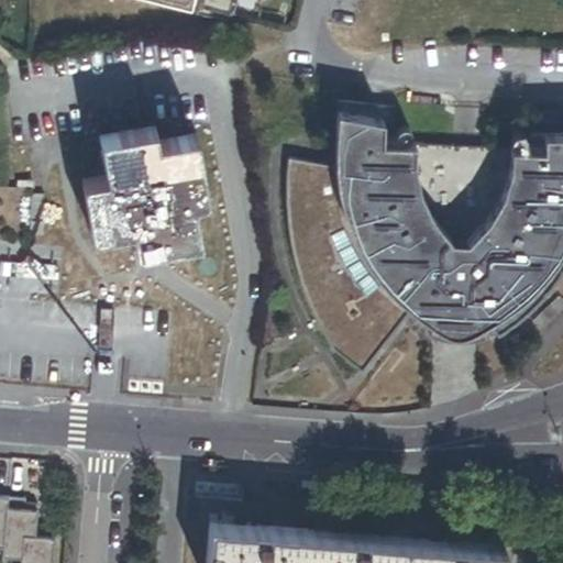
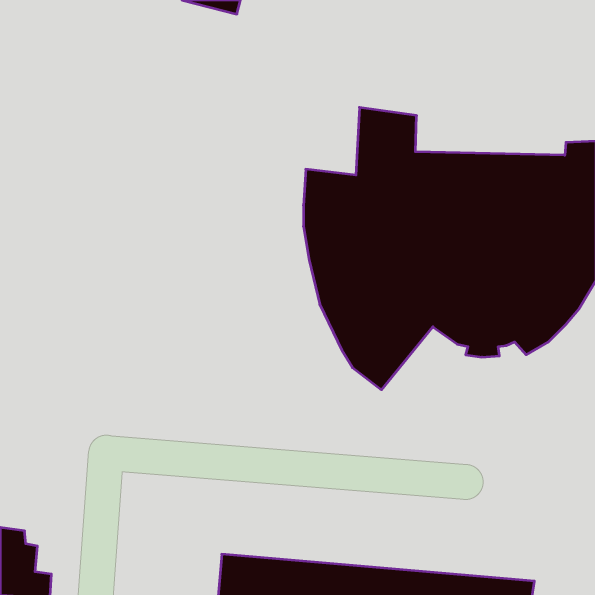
building: [82,129,208,255] -> none

